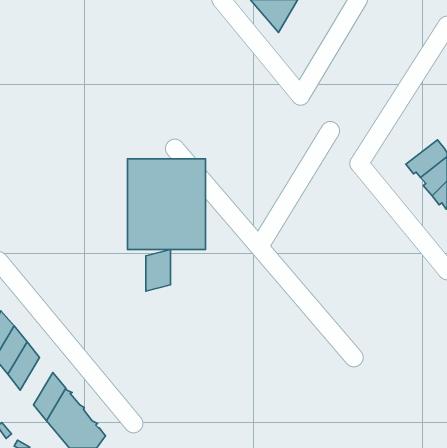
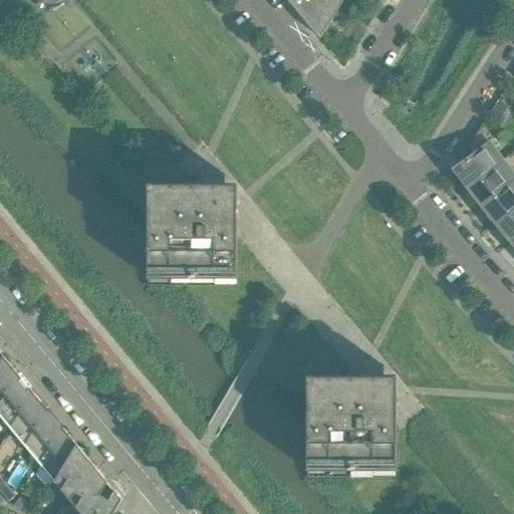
building: none -> [453,127,500,188]
building: [146,249,171,291] -> none
building: none -> [304,373,394,476]
building: none -> [23,409,60,463]

